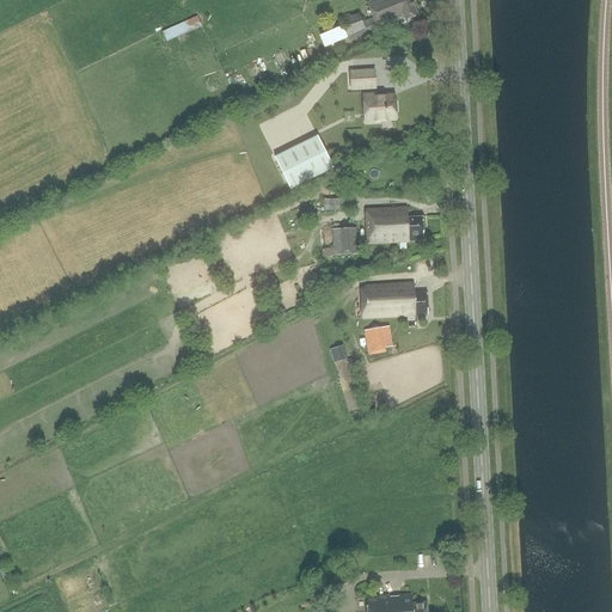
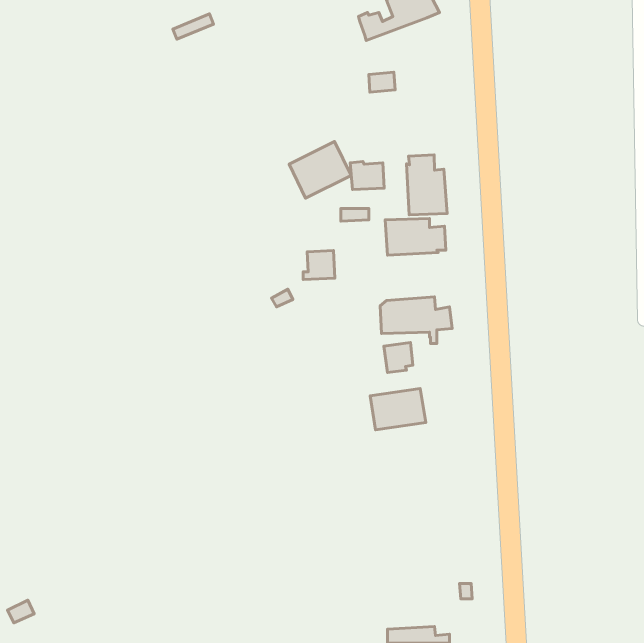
building: [362,92,394,118] -> [350,162,384,189]
building: none -> [407,155,447,215]
building: [328,226,357,253] -> [303,250,335,280]
building: none -> [370,388,426,430]

